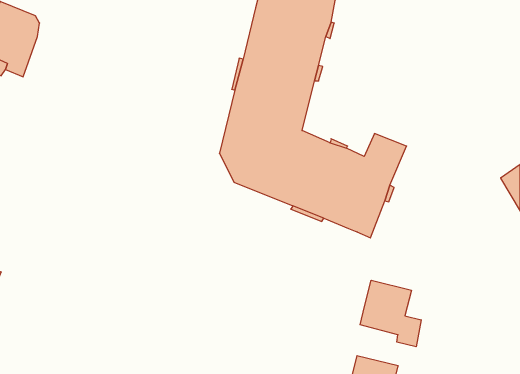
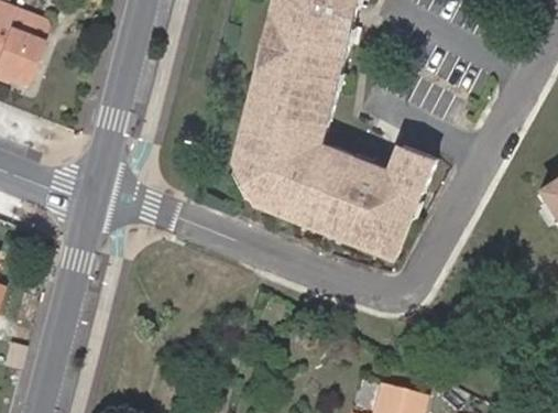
building: [360,280,421,347] -> none

